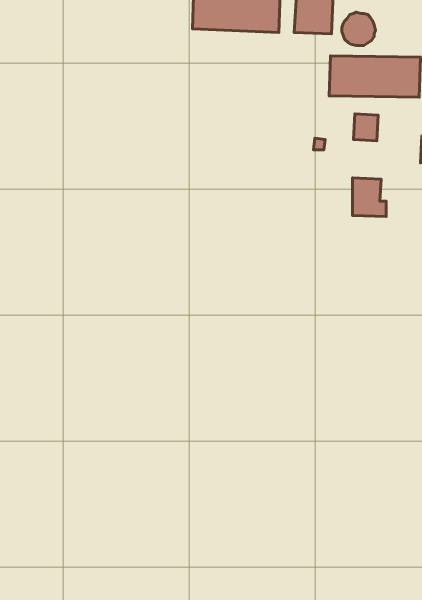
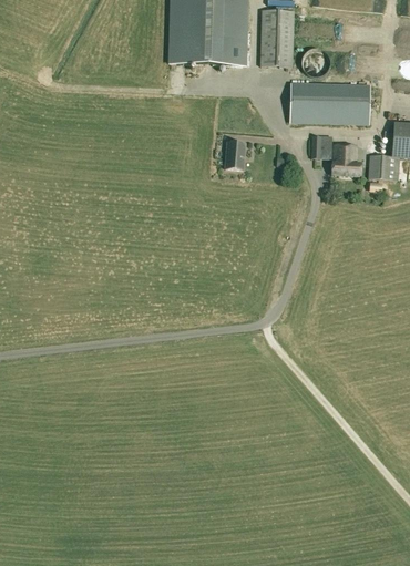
building: none -> [223,141,243,168]
building: [353,178,386,217] -> [331,143,360,176]

